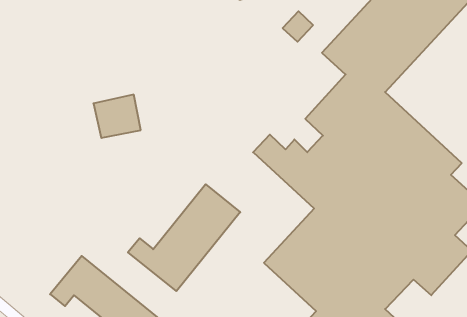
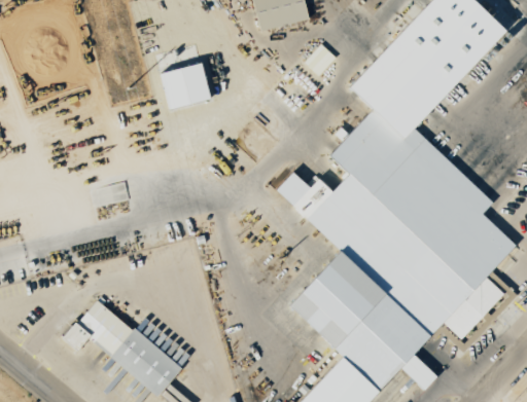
building: [93,95,141,138] -> [162,63,211,108]
building: [128,184,240,291] -> none

